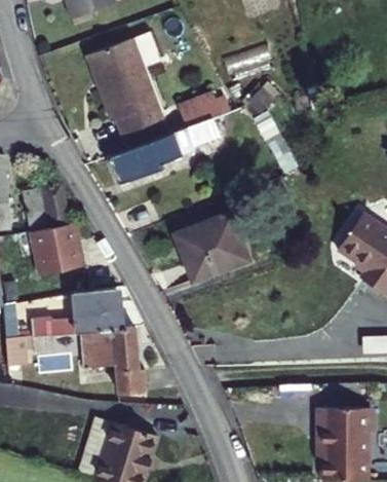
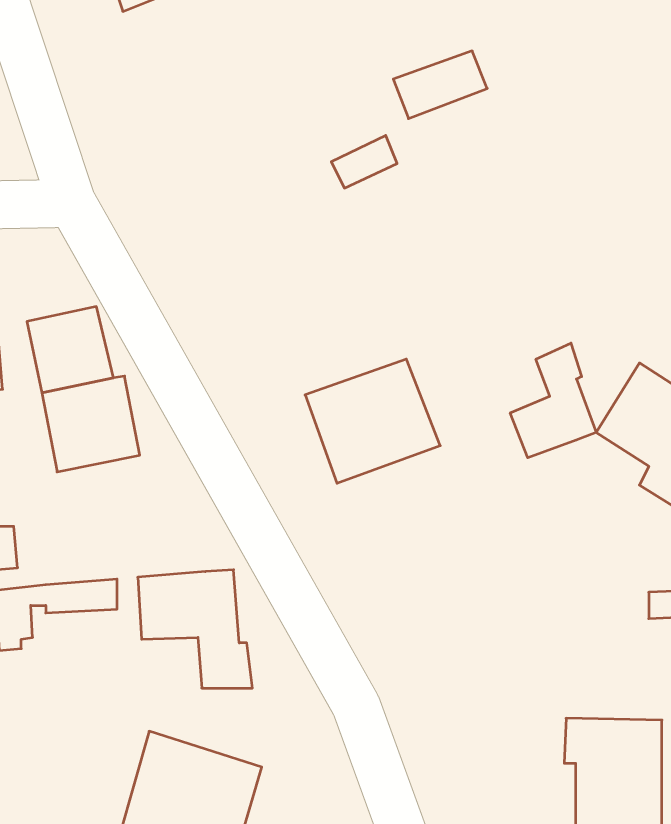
building: [87,38,161,135] -> none
building: [108,117,223,184] -> none
building: none -> [510,343,596,458]
building: [32,288,120,336] -> none

